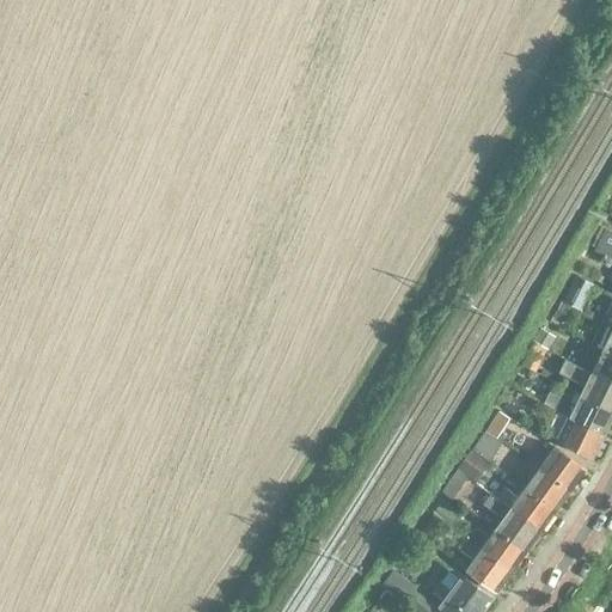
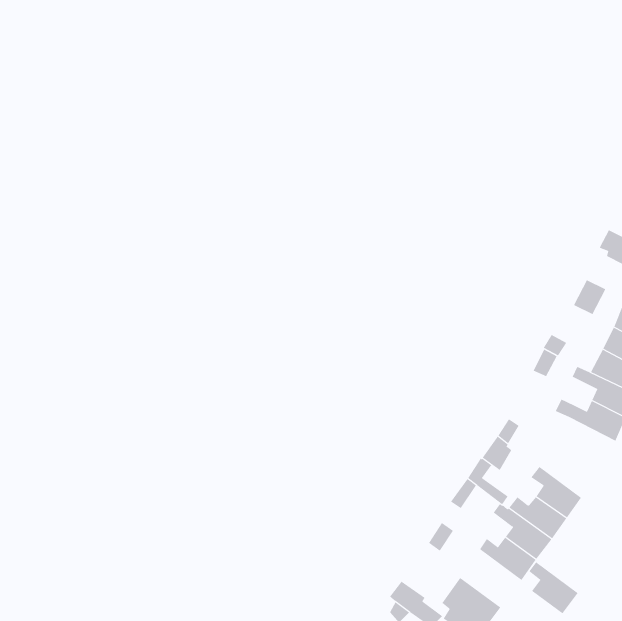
building: [546,411,605,458] -> none
building: [530,446,587,490] -> none
building: [464,540,513,592] -> [529,562,579,614]

